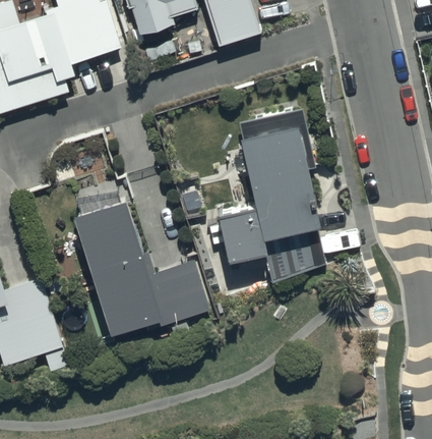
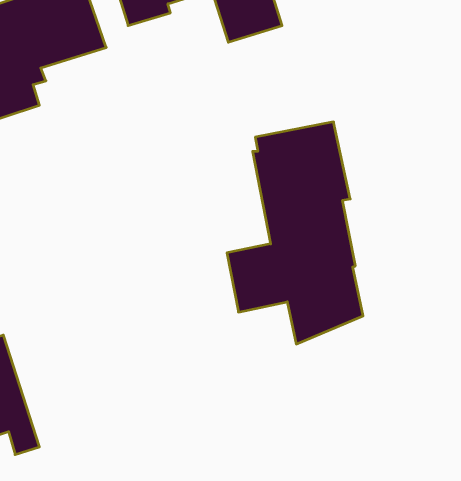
building: [72,184,212,331] -> none

